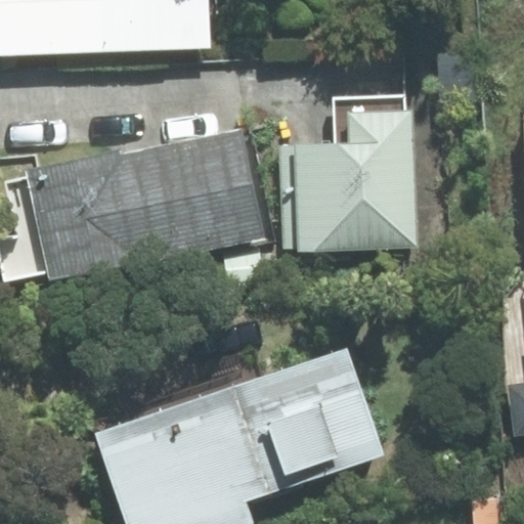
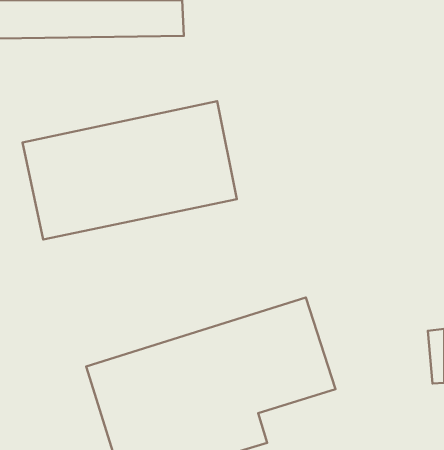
building: [290,98,421,252] -> none

